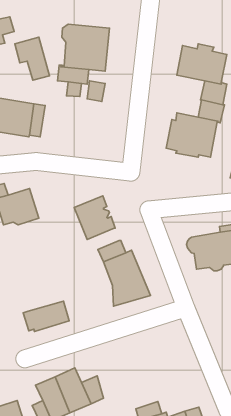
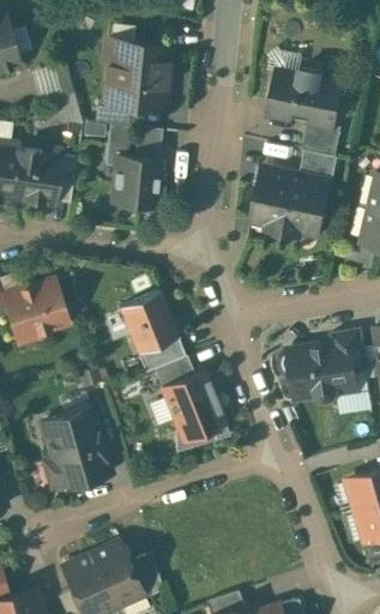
building: none -> [109,156,163,217]
building: none -> [135,338,182,373]
building: none -> [40,409,101,459]

